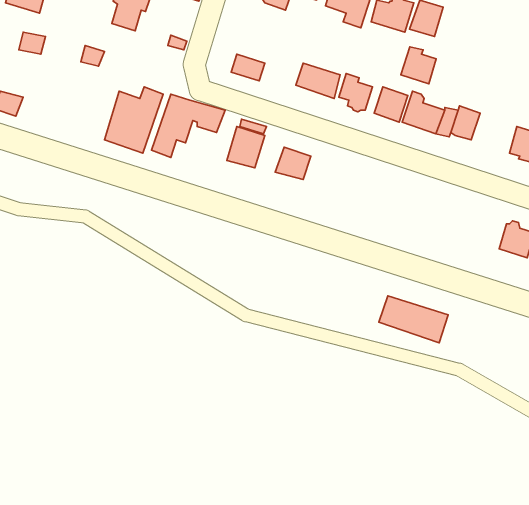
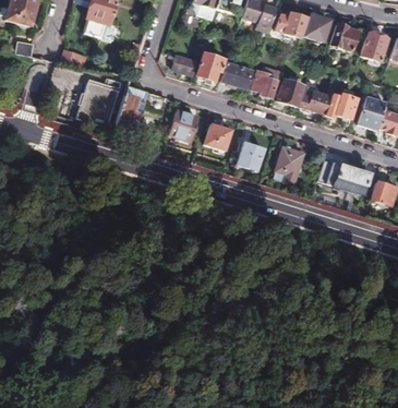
building: none -> [363,31,387,60]
building: [401,47,436,84] -> [333,23,359,50]
building: none -> [197,52,225,79]
building: none -> [361,97,387,129]
building: none -> [233,140,264,168]
building: none -> [276,145,304,181]
building: [379,296,448,343] -> [319,158,371,193]

